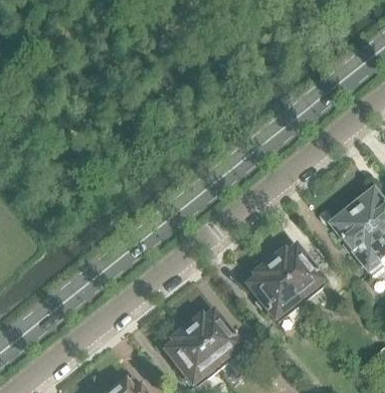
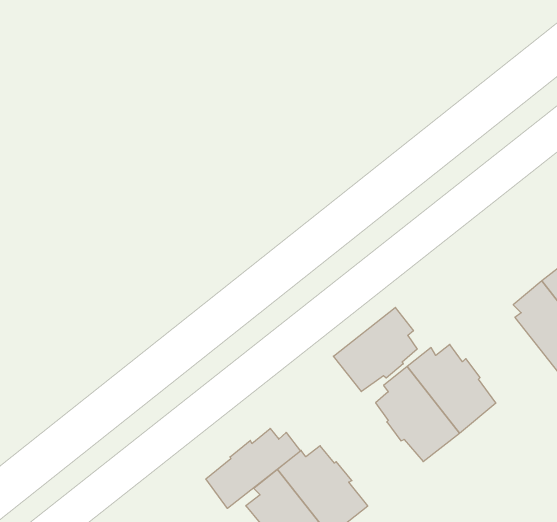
building: none -> [333,307,417,392]
building: none -> [206,428,300,508]

